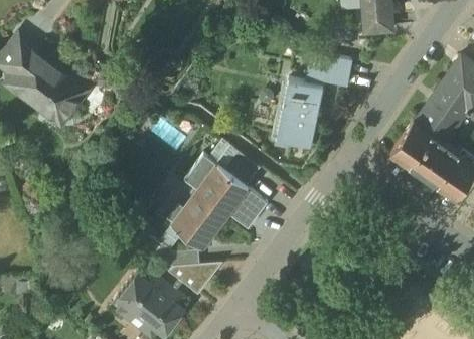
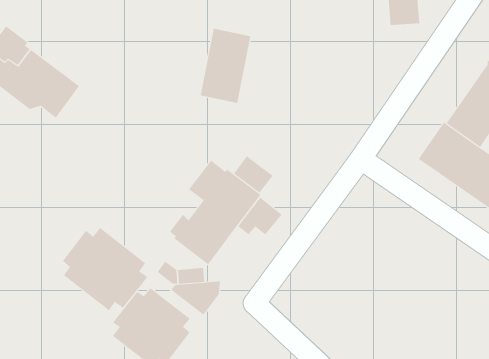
building: [306,53,352,87] -> none
building: [277,79,323,147] -> [200,28,251,103]
building: none -> [62,227,148,311]

